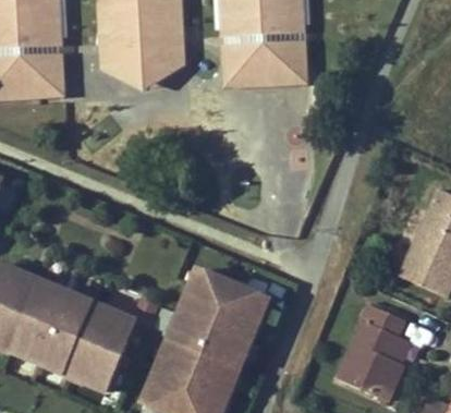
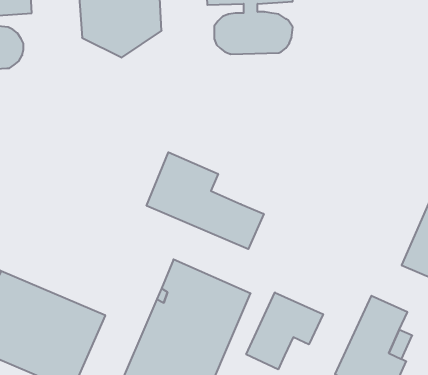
building: none -> [147,152,264,249]
building: none -> [246,292,323,369]

